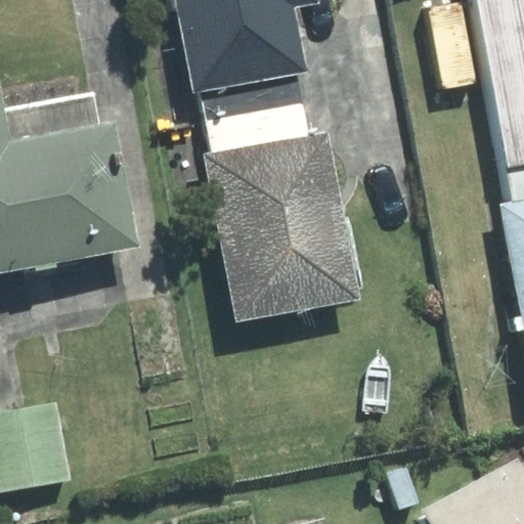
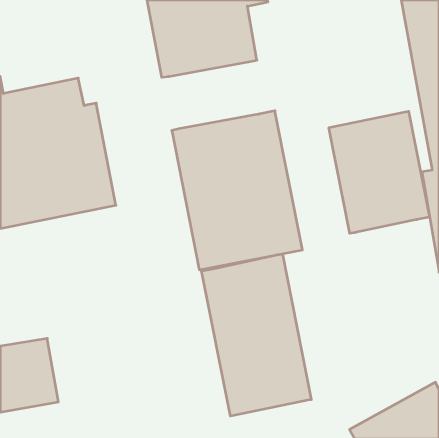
building: [201,75,308,155] -> none
building: none -> [329,111,430,233]
building: none -> [202,254,311,416]

